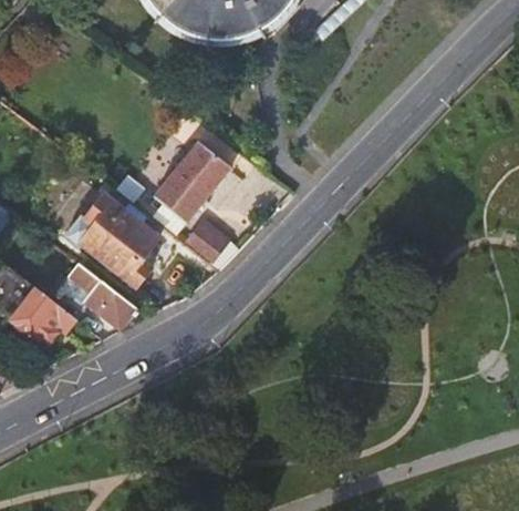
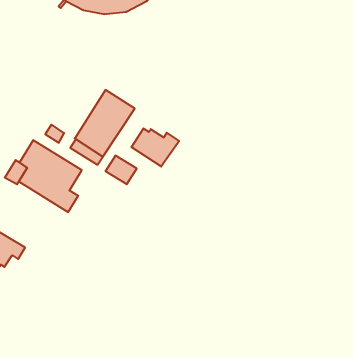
building: none -> [132,128,179,167]
building: [55,263,137,328] -> none

